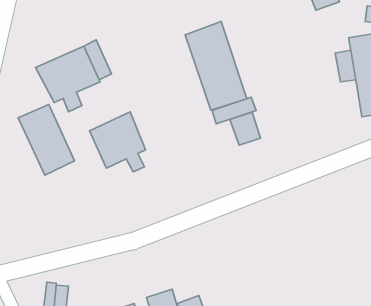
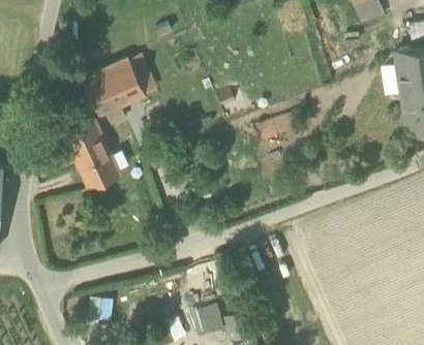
building: [185,22,247,110] -> none
building: [89,112,146,172] -> none
building: [230,112,260,145] -> none

